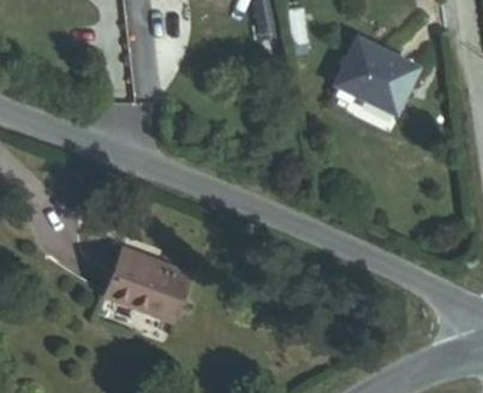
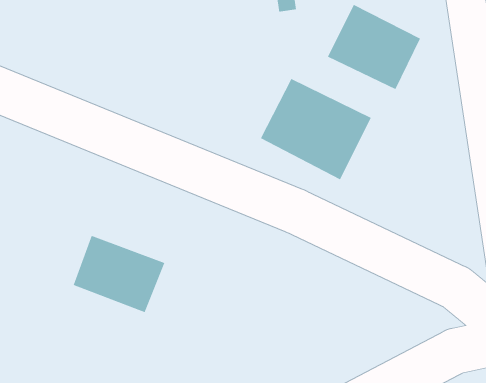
building: none -> [260,78,371,180]

